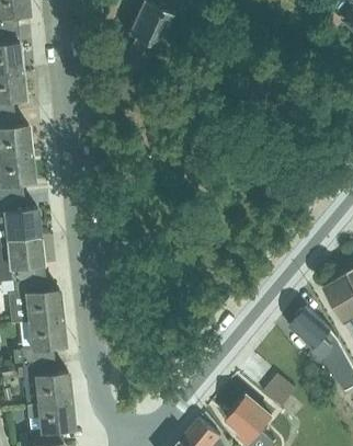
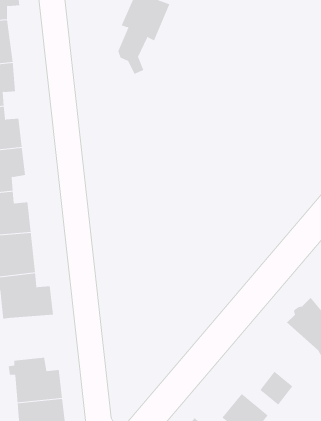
building: [13,319,64,365] -> none

